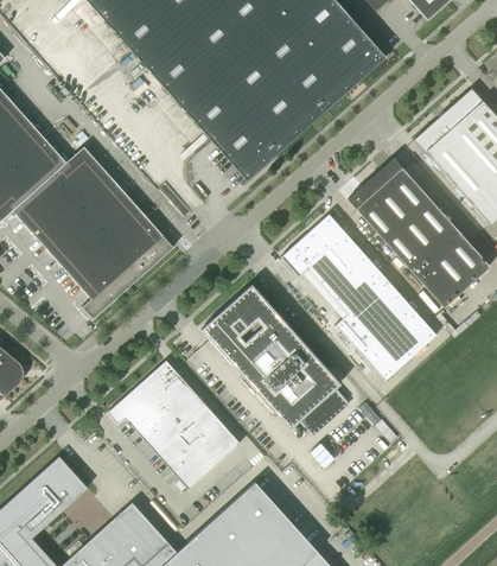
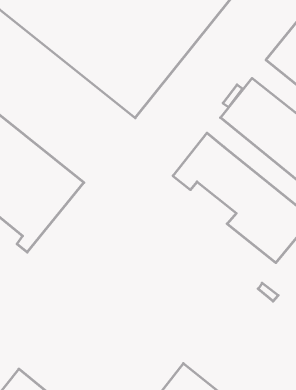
building: [200,285,348,434] -> none
building: [107,361,240,490] -> none

